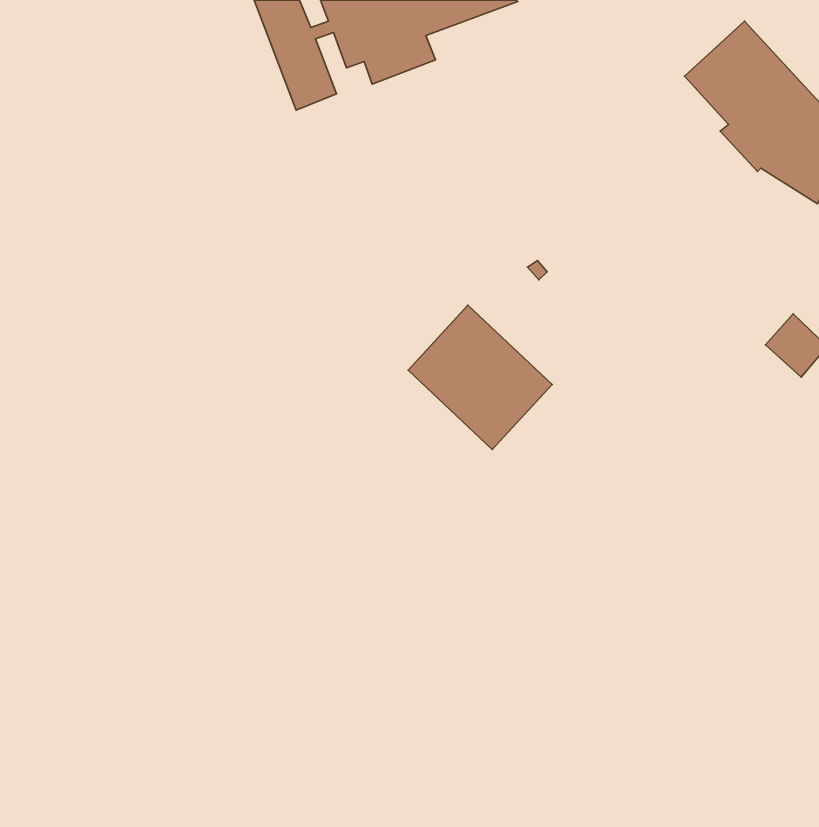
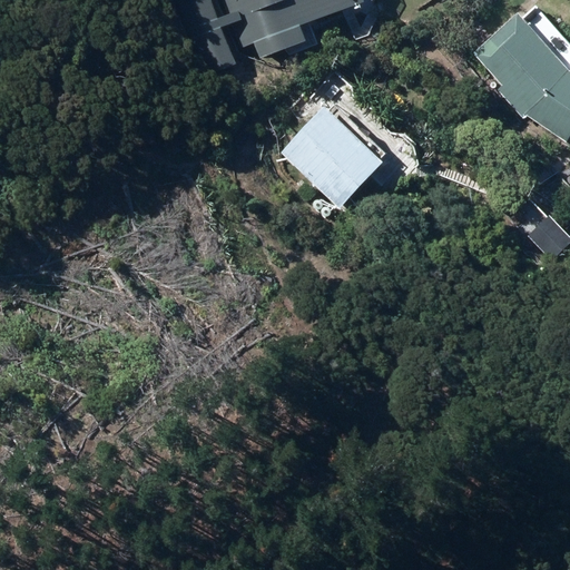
building: [408,305,552,449] -> [282,107,381,206]

